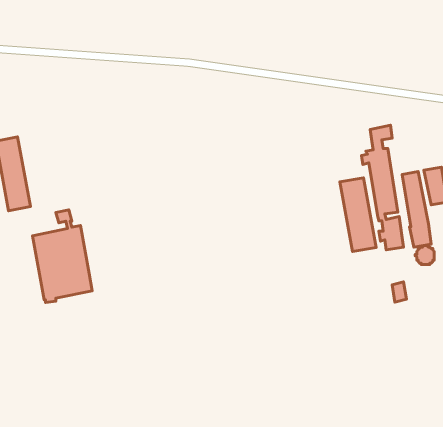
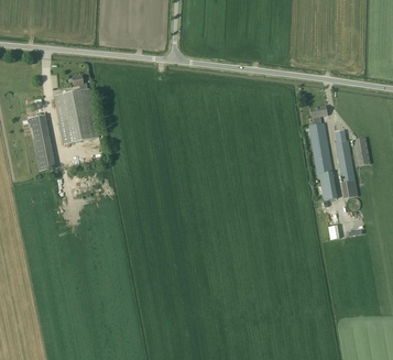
building: [340,178,376,252] -> none
building: [33,210,92,303] -> [54,75,99,145]

